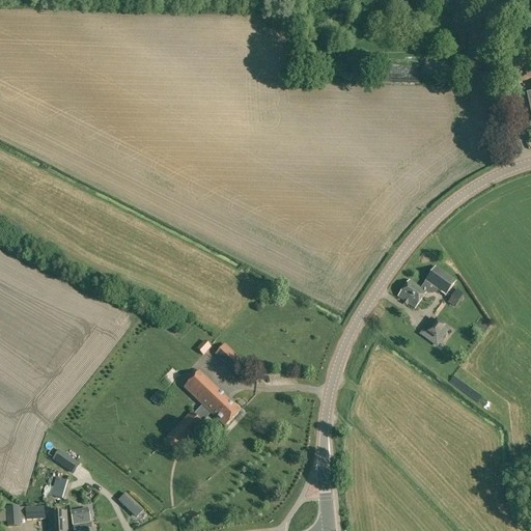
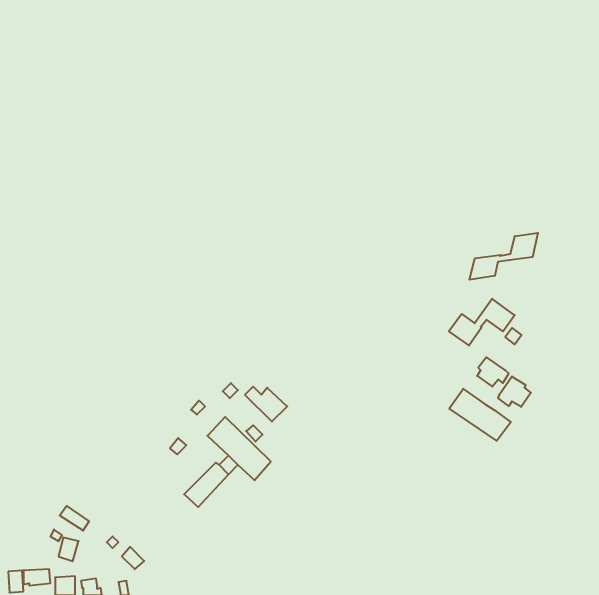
building: none -> [470,233,538,280]
building: none -> [498,376,531,407]
building: none -> [449,389,511,441]

